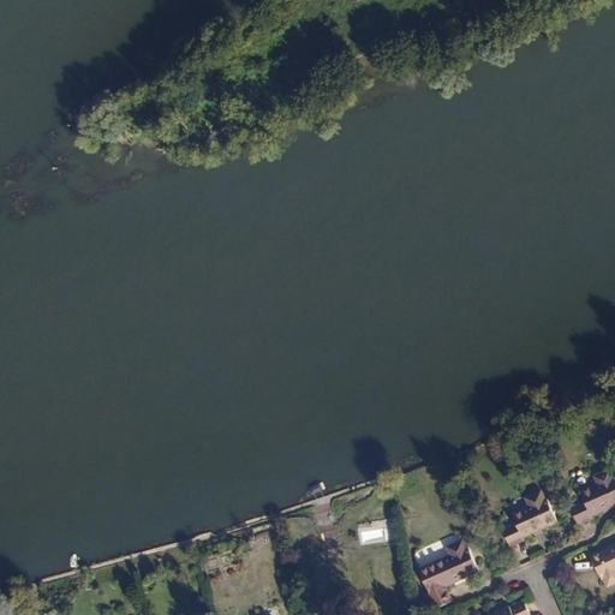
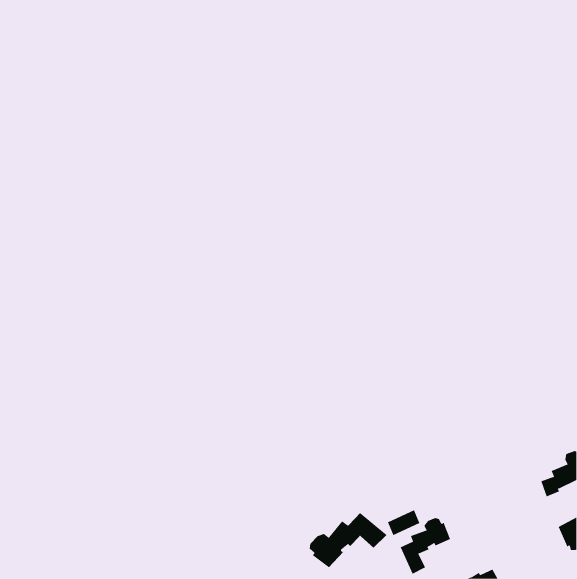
building: [502,495,559,545] -> none
building: none -> [309,512,387,568]

